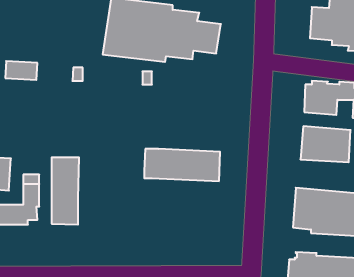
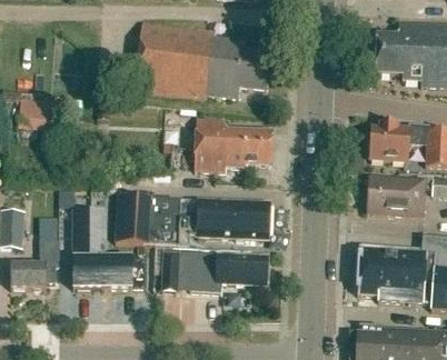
building: none -> [193,118,272,172]
building: none -> [116,198,182,244]
building: none -> [159,250,265,293]
building: none -> [103,258,145,289]

